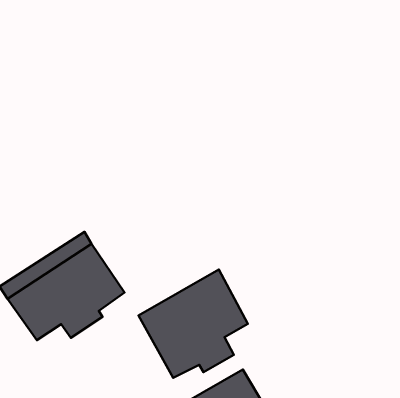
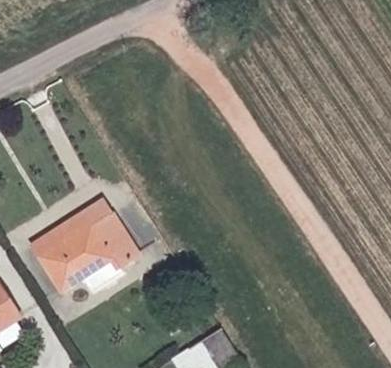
building: [139,270,248,378] -> none

